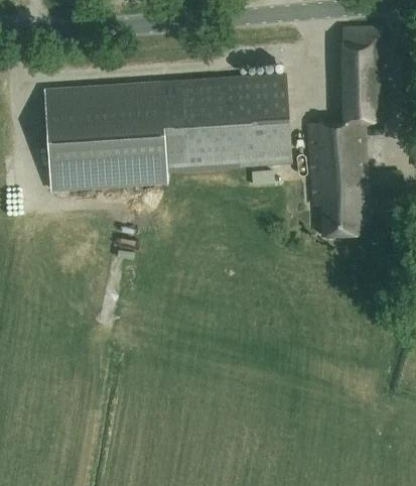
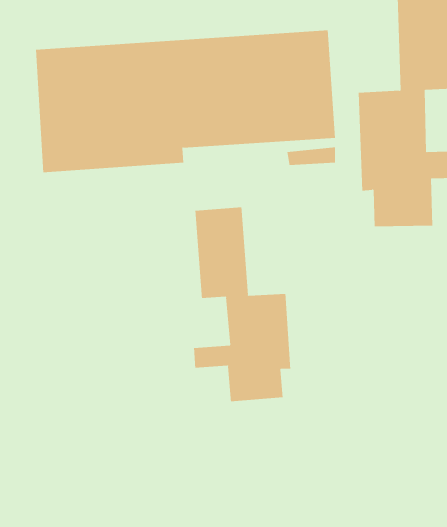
building: none -> [194,207,291,402]

